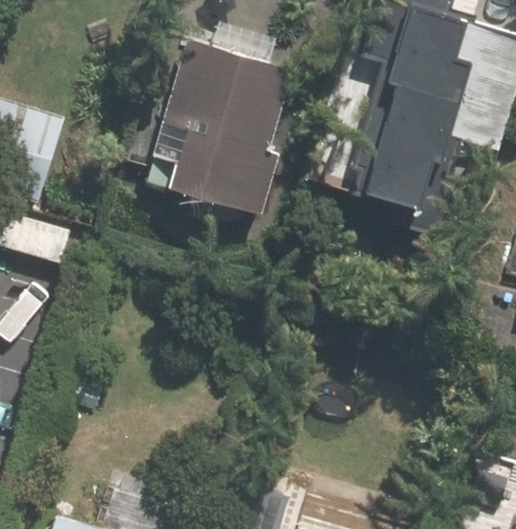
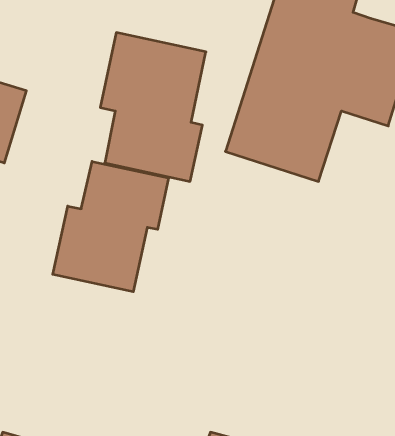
building: none -> [53,161,169,292]

